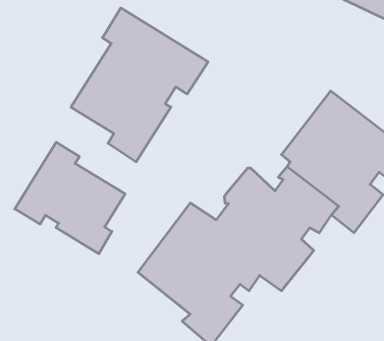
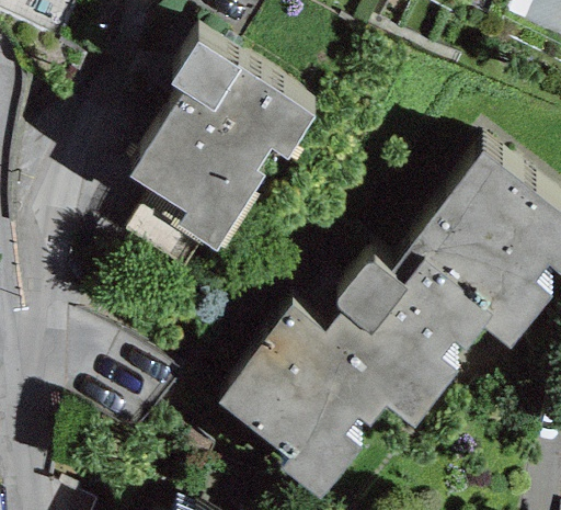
building: [15,142,125,254] -> none

